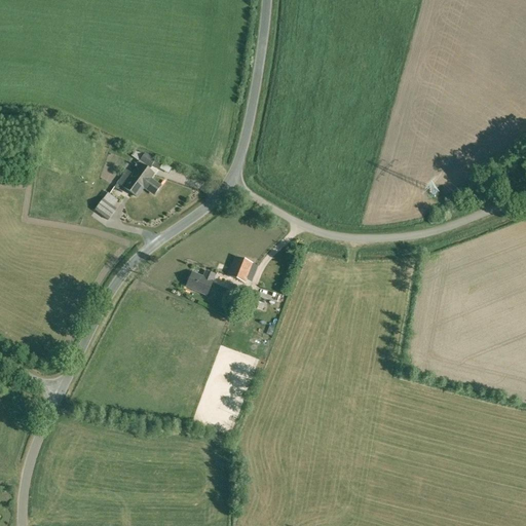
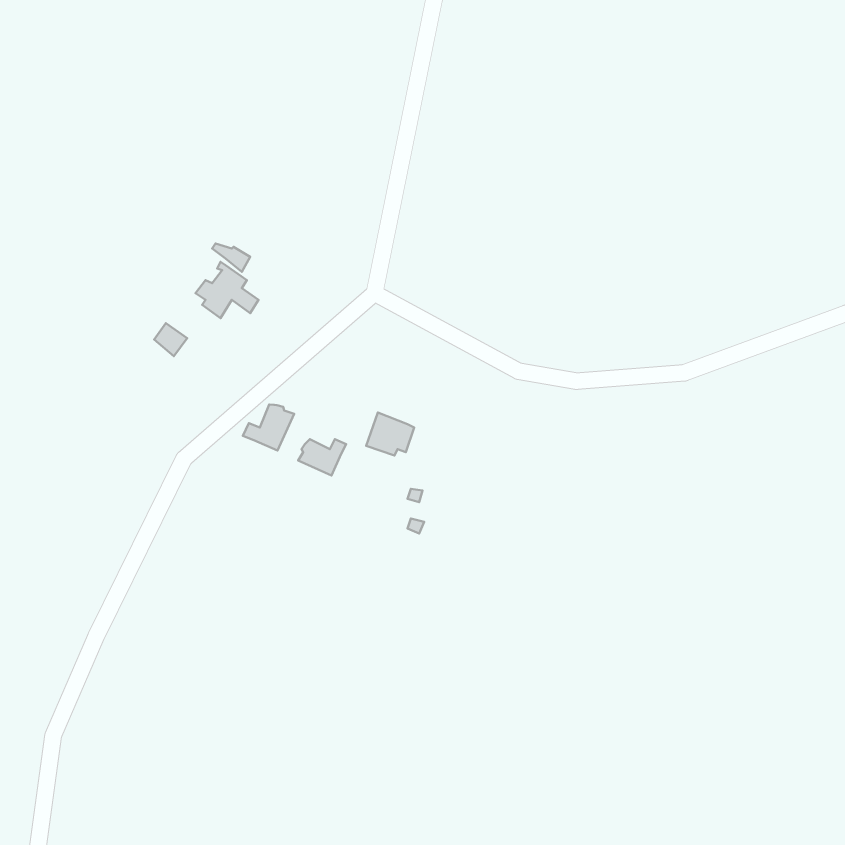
building: none -> [243,405,294,450]

